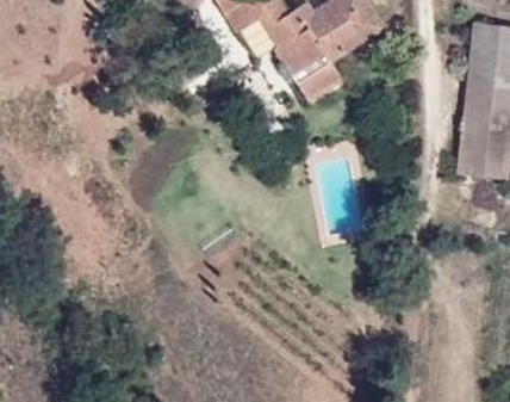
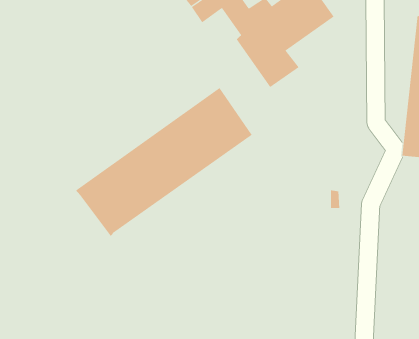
building: none -> [75,87,253,237]

